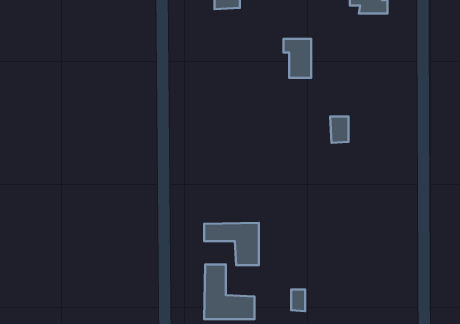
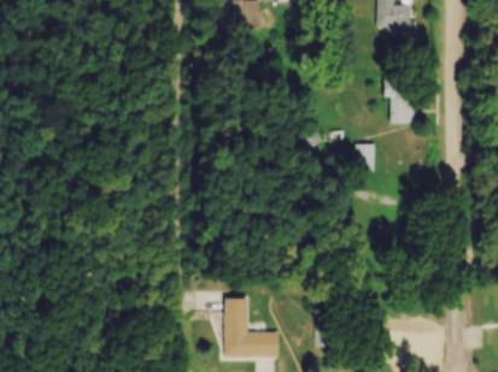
building: [284,39,311,78] -> [383,82,412,123]
building: [204,223,259,265] -> none

